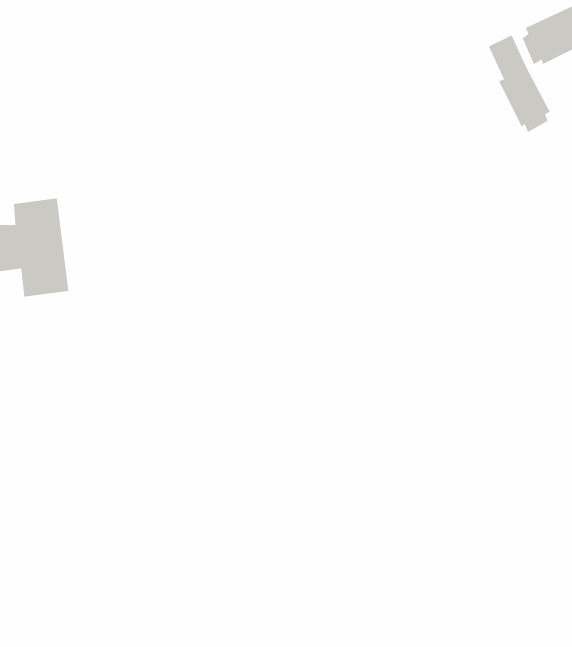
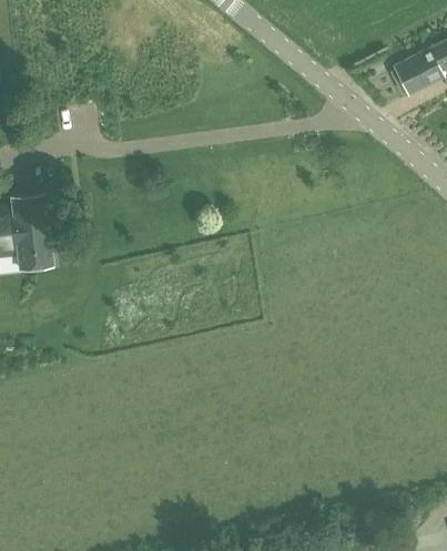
building: [488,34,551,133] -> none

